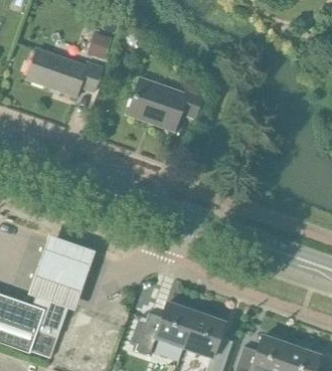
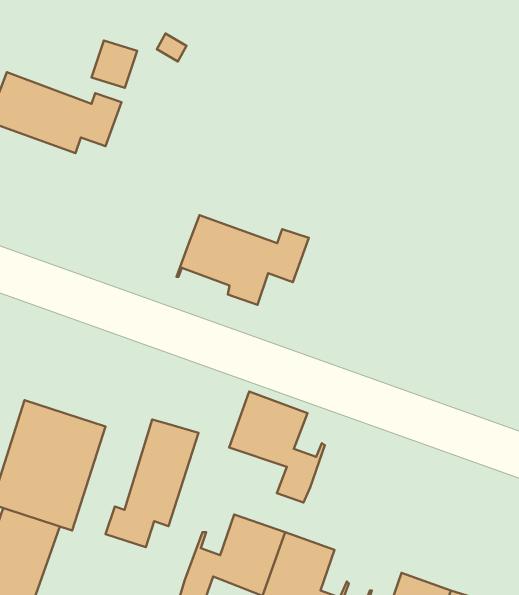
building: [128,79,203,131] -> [177,215,309,305]
building: none -> [229,392,325,502]
building: none -> [105,420,199,547]

